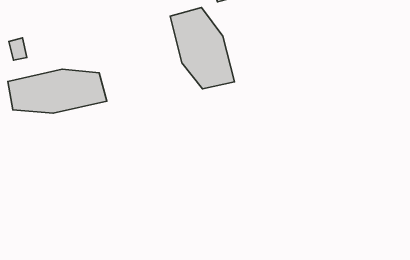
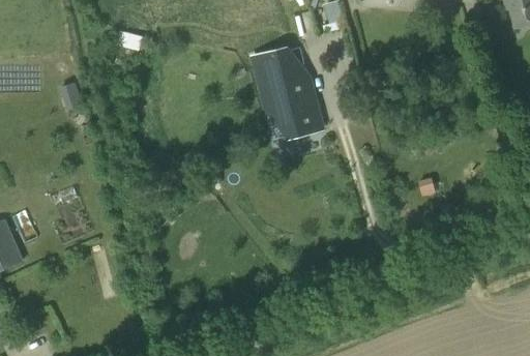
building: [8,69,107,113] -> none

